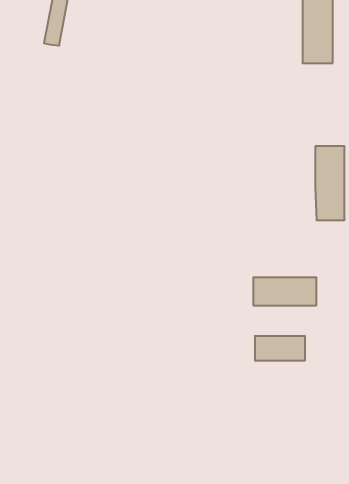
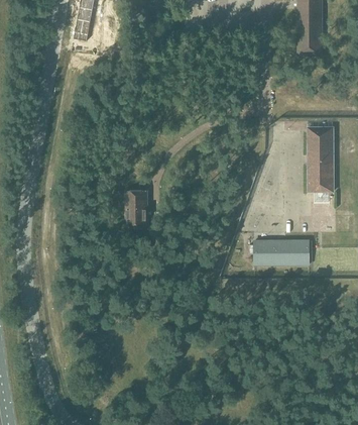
building: none -> [125,191,148,228]
building: [255,336,305,361] -> none

